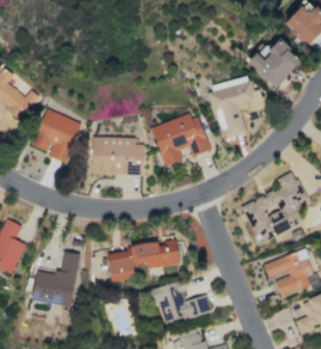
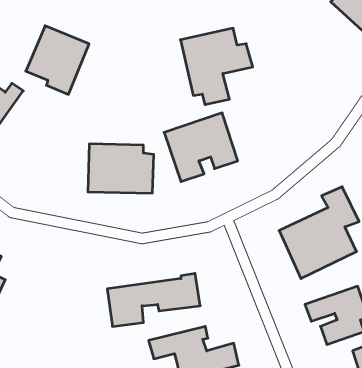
building: [248,39,303,88] -> none
building: [208,77,266,138] -> [180,28,253,105]
building: [32,109,82,163] -> [26,26,89,94]
building: [32,251,81,307] -> none

